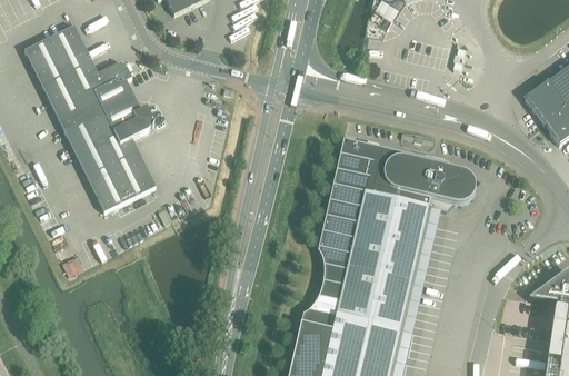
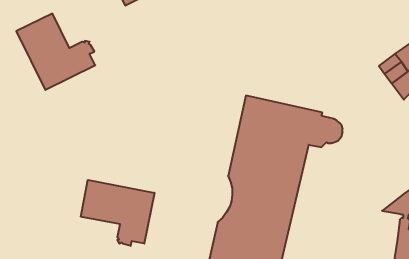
building: [66,96,157,211] -> none
building: none -> [81,180,154,246]

